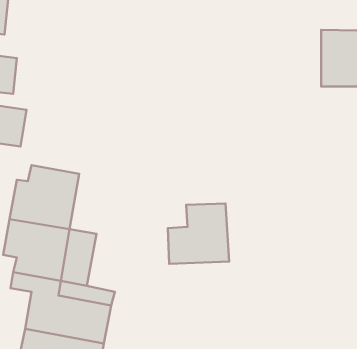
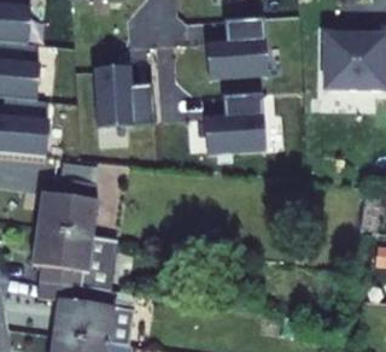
building: none -> [210,18,270,77]
building: none -> [93,64,153,123]
building: [168,204,229,264] -> [206,94,267,153]

